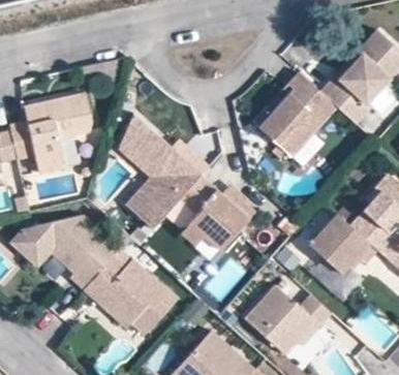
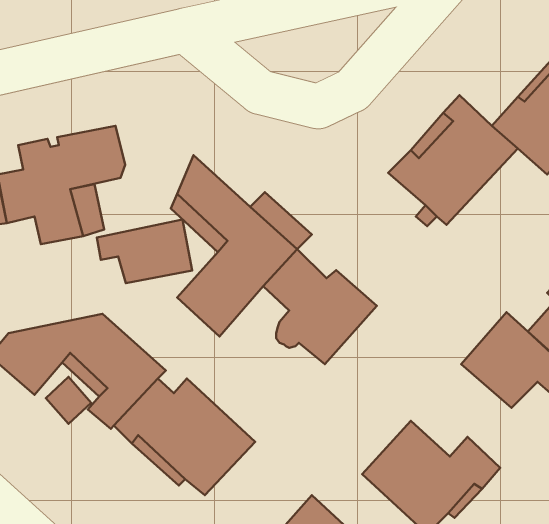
building: none -> [97,219,192,283]

